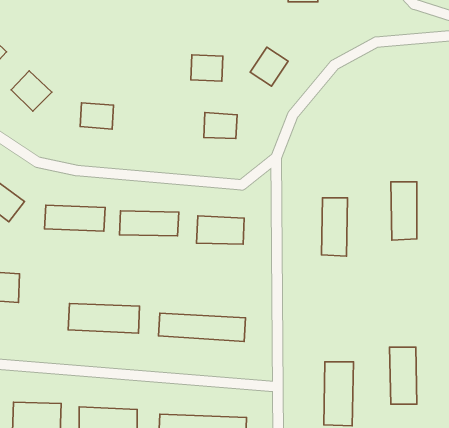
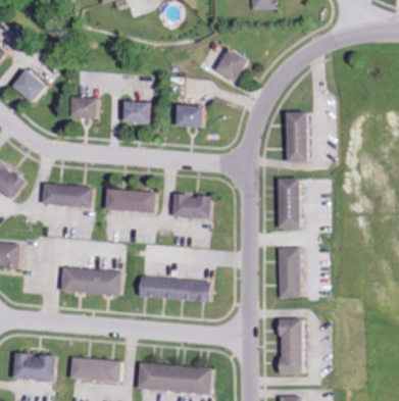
building: [191,55,223,81] -> [126,100,153,122]
building: [391,182,417,240] -> [286,111,308,161]
building: [390,347,417,404] -> [278,248,301,297]

